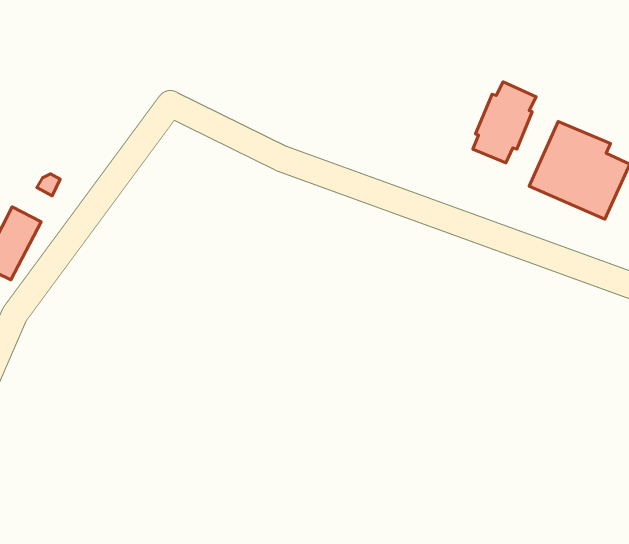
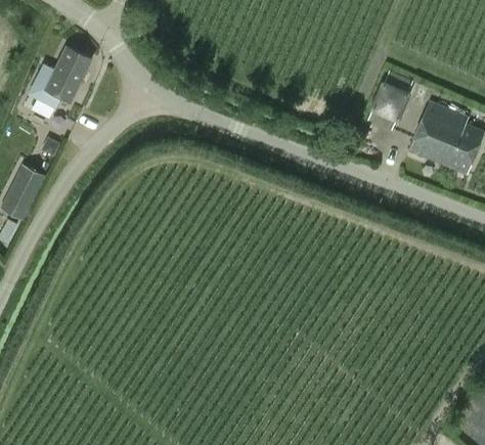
building: none -> [30,46,93,107]

